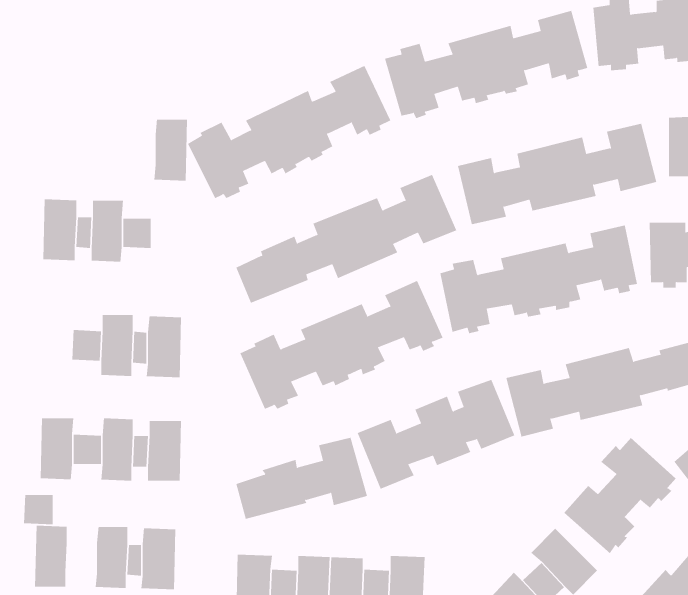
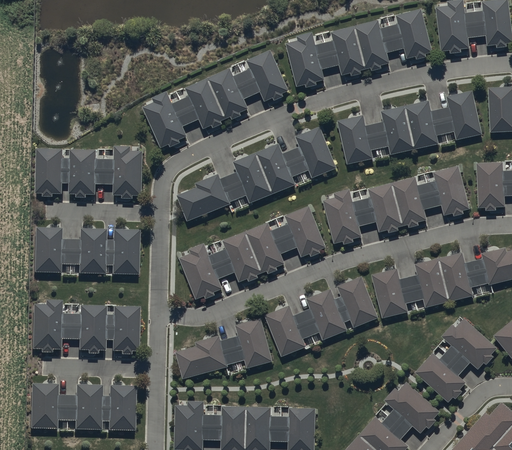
building: [153,119,188,181] -> [114,149,139,194]
building: none -> [34,229,58,274]
building: [23,495,53,525] -> [53,396,75,418]

